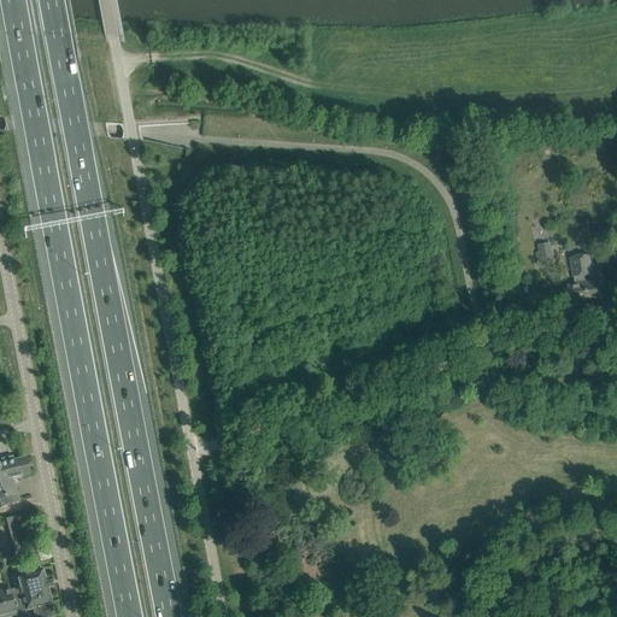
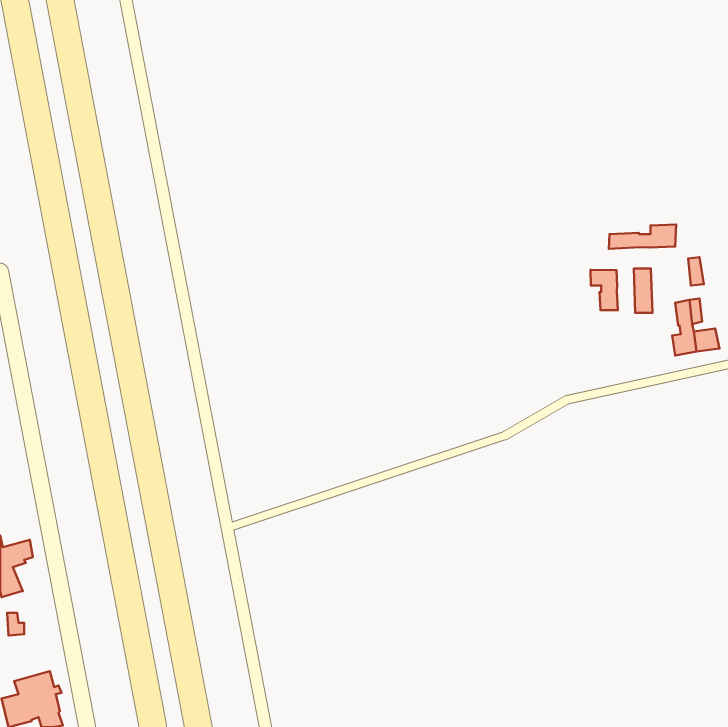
building: none -> [609,225,676,249]
building: none -> [591,270,618,310]

